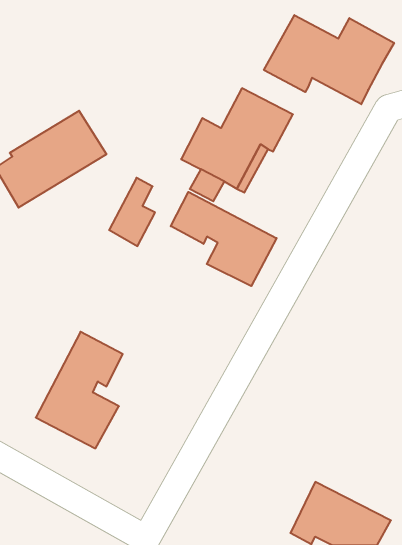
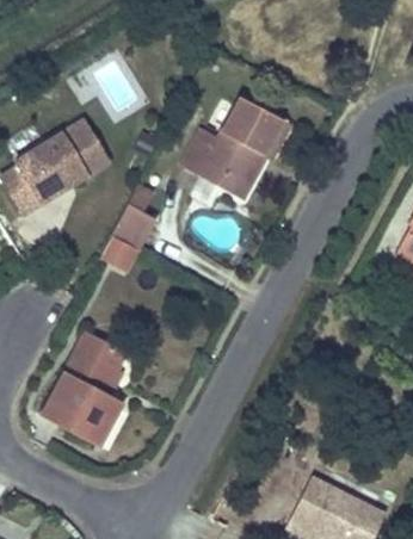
building: [264,15,394,104] -> none
building: [171,192,277,286] -> none

